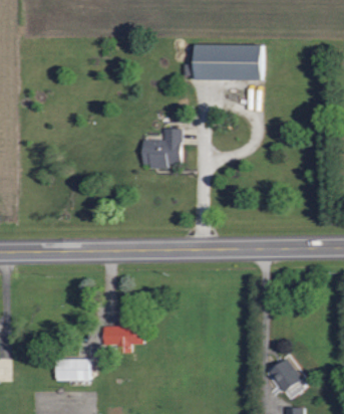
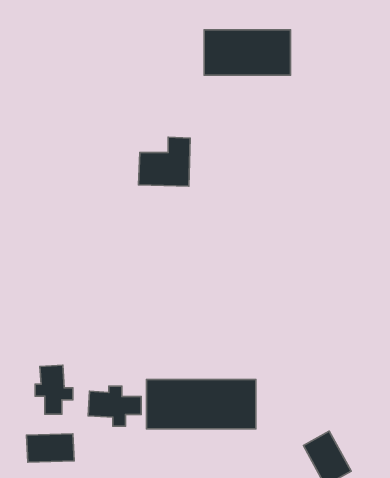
building: none -> [35,365,73,414]
building: none -> [146,380,256,429]

